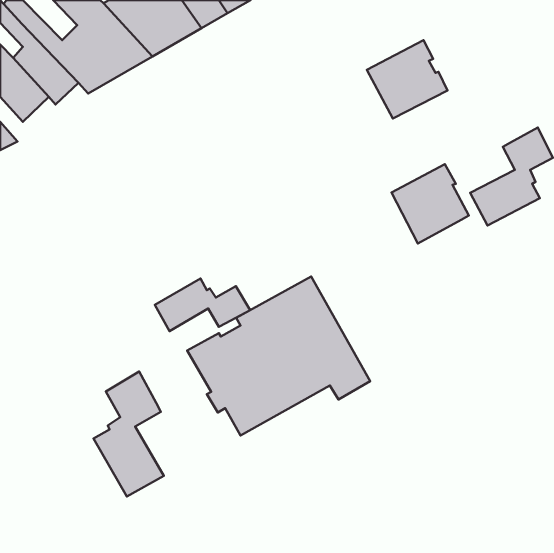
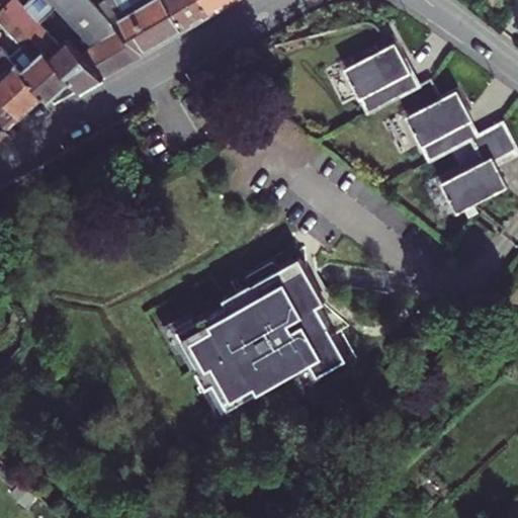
building: [392,164,469,244] -> [405,88,477,162]
building: [155,279,250,331] -> none
building: [93,372,164,497] -> none

